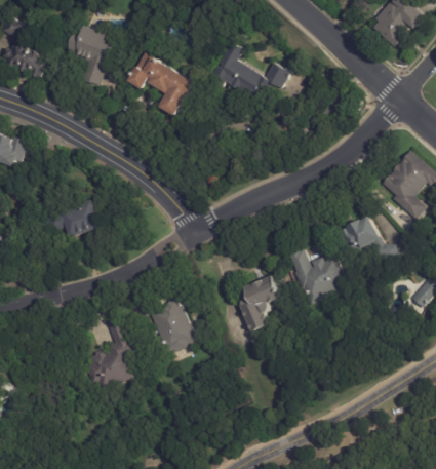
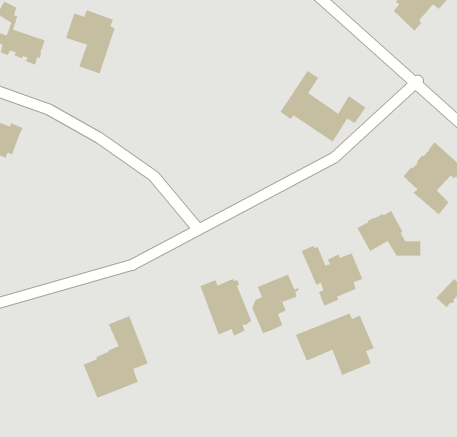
building: [209,37,290,105] -> [280,70,366,142]
building: [128,58,195,117] -> none
building: [42,197,103,236] -> none
building: [146,298,195,352] -> [200,278,252,336]
building: none -> [295,313,375,376]

